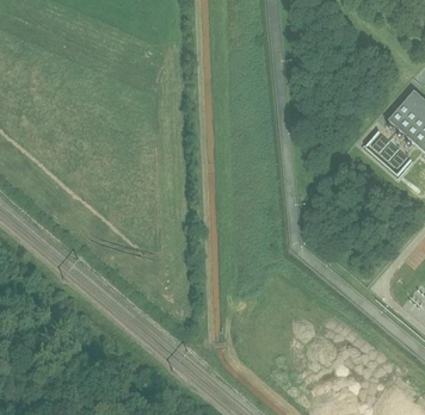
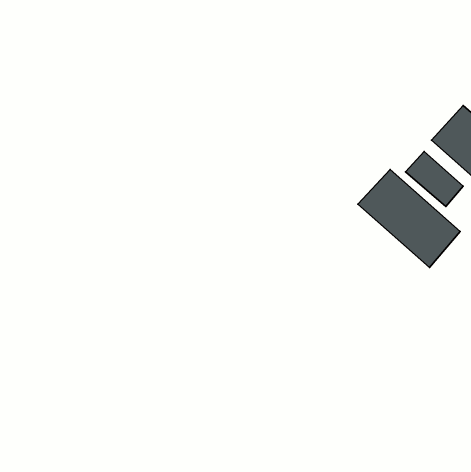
building: none -> [358,169,460,268]

